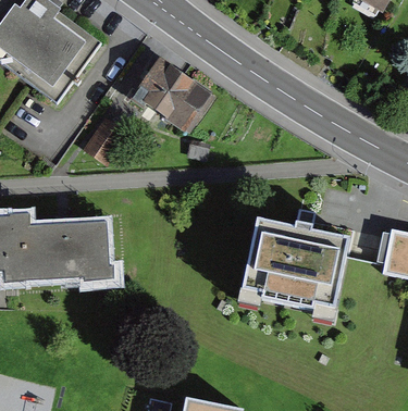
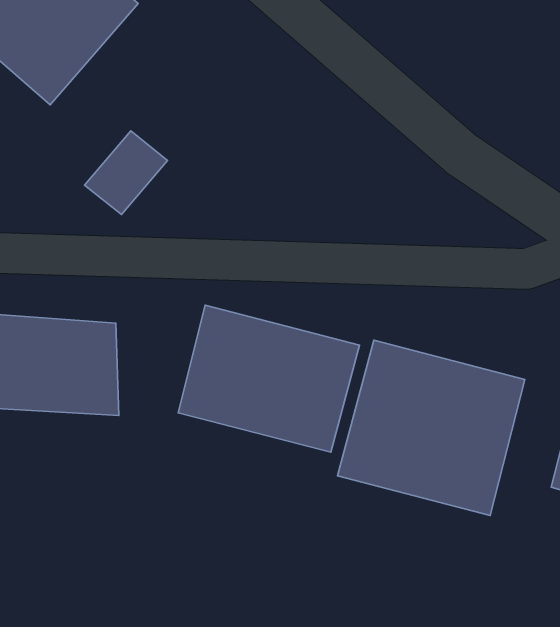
building: [134,48,217,124] -> none
building: none -> [178,305,360,452]

